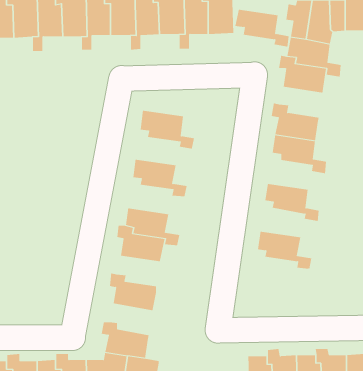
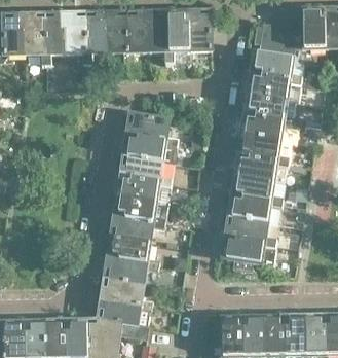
building: [234,9,289,47] -> [248,93,294,124]
building: none -> [123,128,164,158]
building: none -> [234,147,275,179]
building: none -> [117,168,158,200]
building: none -> [228,187,269,219]
building: none -> [222,228,272,262]
building: none -> [111,235,157,266]
building: none -> [105,275,151,308]

